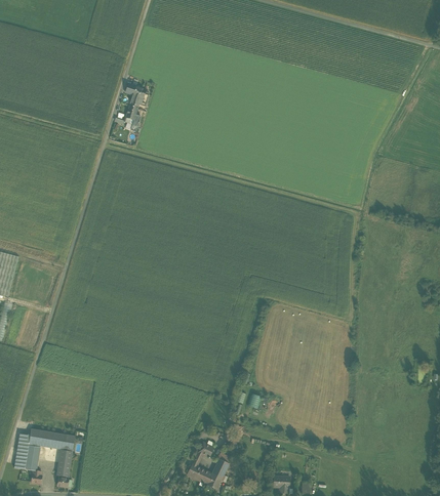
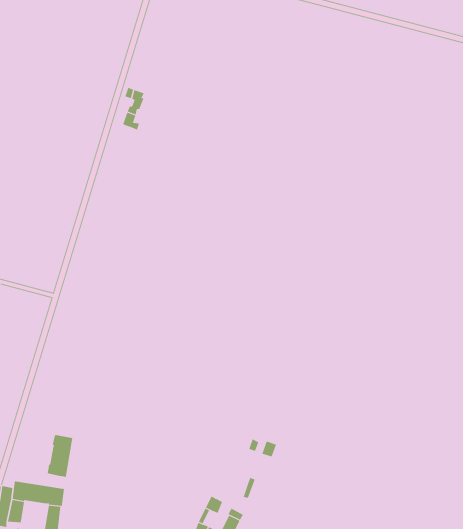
building: none -> [47,434,73,478]

